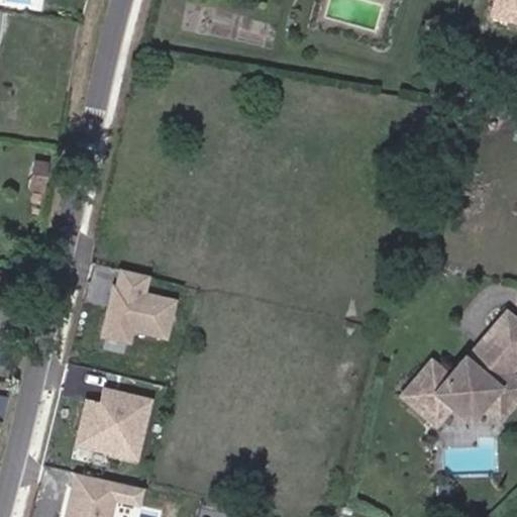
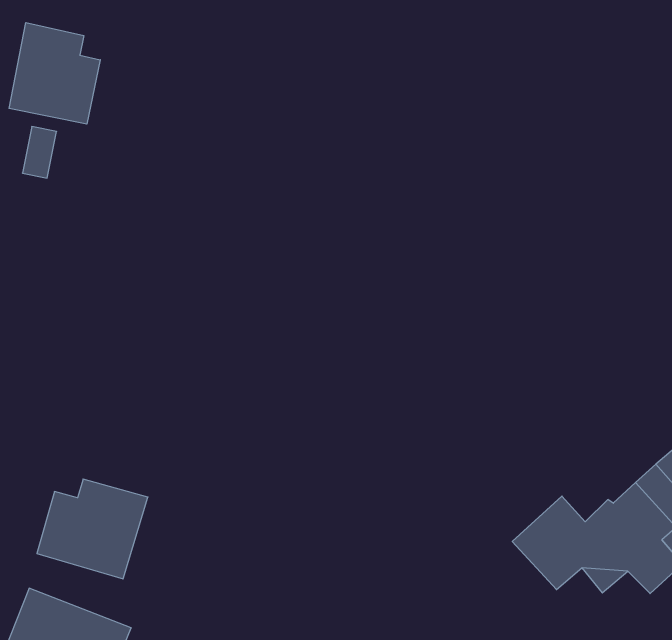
building: none -> [9,23,100,124]
building: [94,267,175,341] -> none

